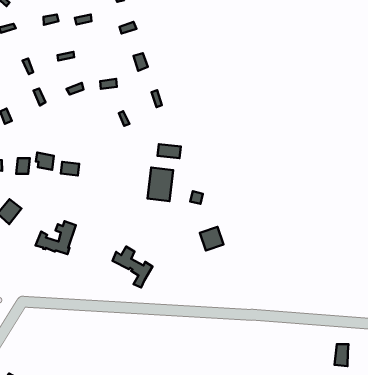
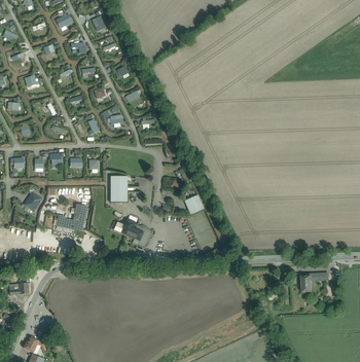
building: [148,168,173,201] -> [110,176,128,201]

